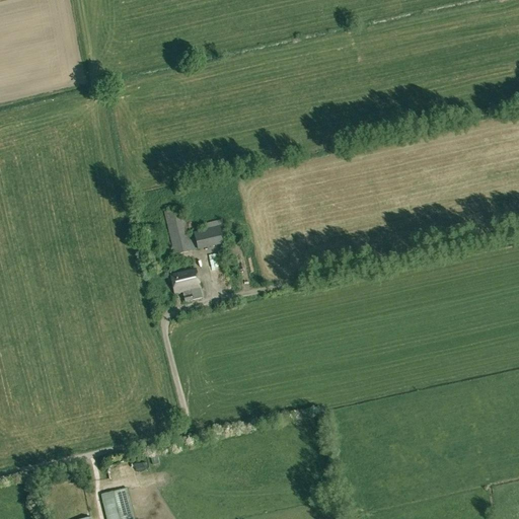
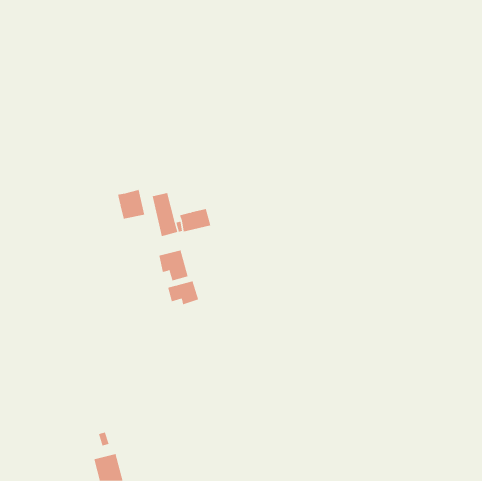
building: none -> [118,189,145,219]
building: none -> [167,280,199,305]

